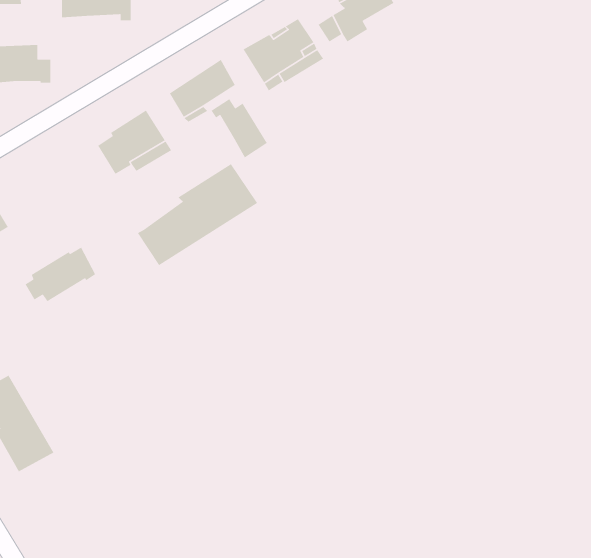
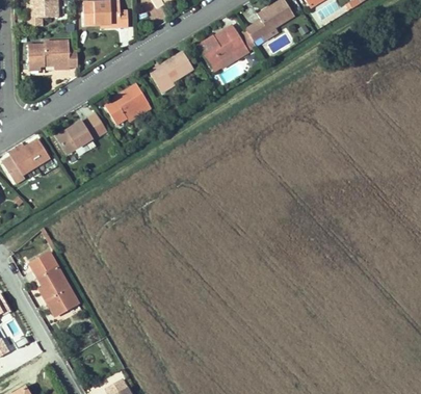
building: [211,98,268,158] -> none
building: [137,163,258,266] -> none
building: [24,247,96,302] -> [53,117,99,153]

